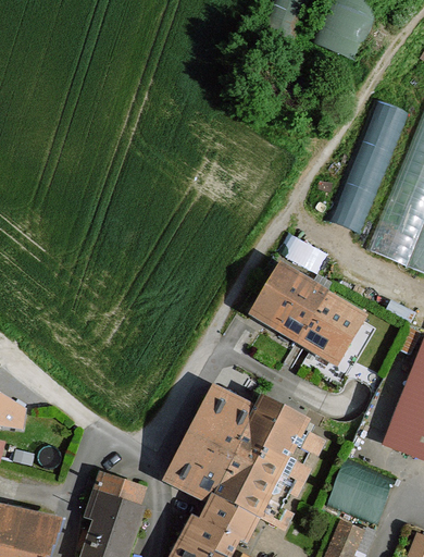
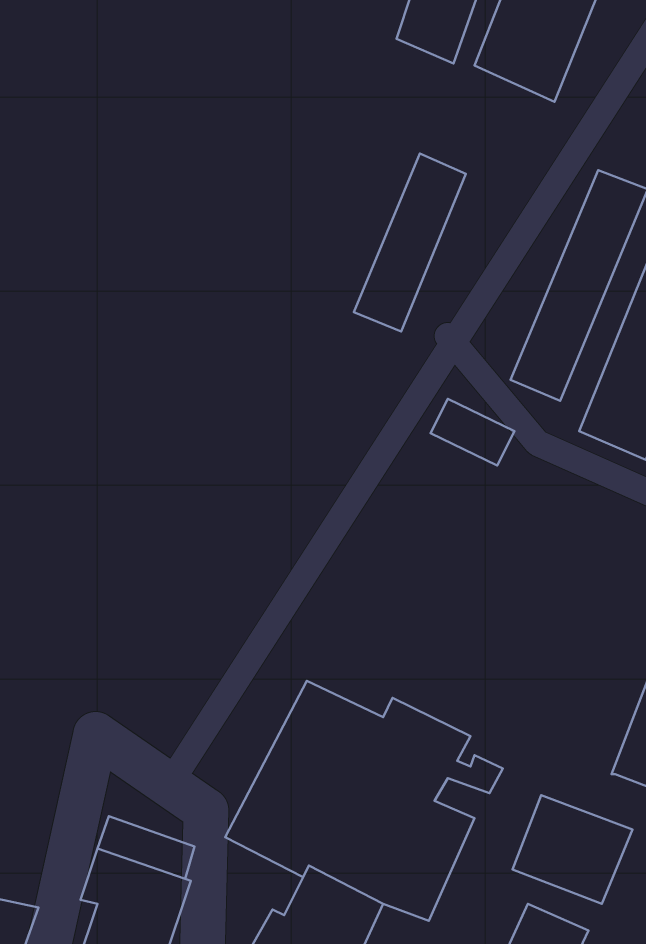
building: none -> [354,154,466,332]
building: [247,261,361,363] -> none

